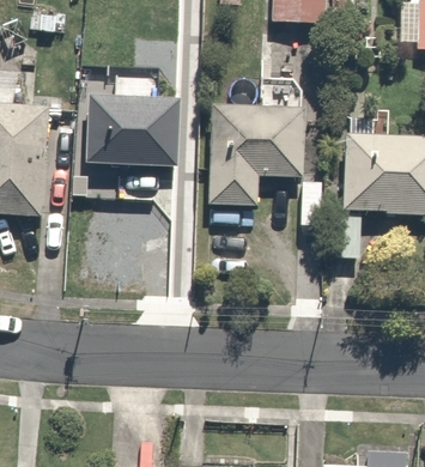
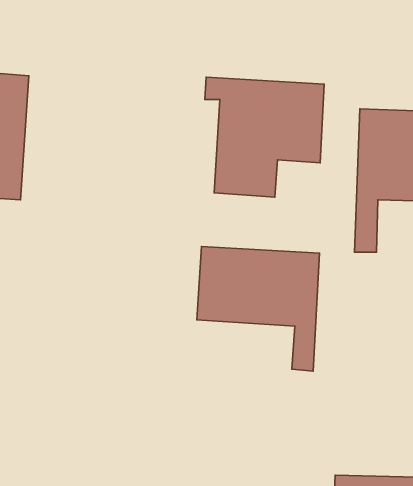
building: [80,92,178,168] -> none
building: none -> [197,246,319,371]

